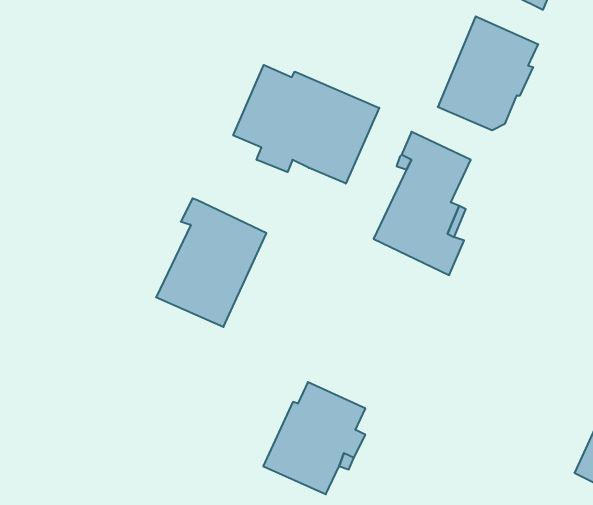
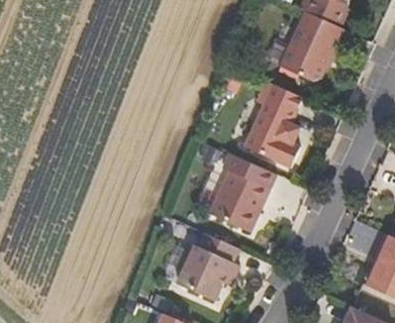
building: [233,65,379,184] -> none
building: [156,198,266,327] -> [207,156,275,235]

